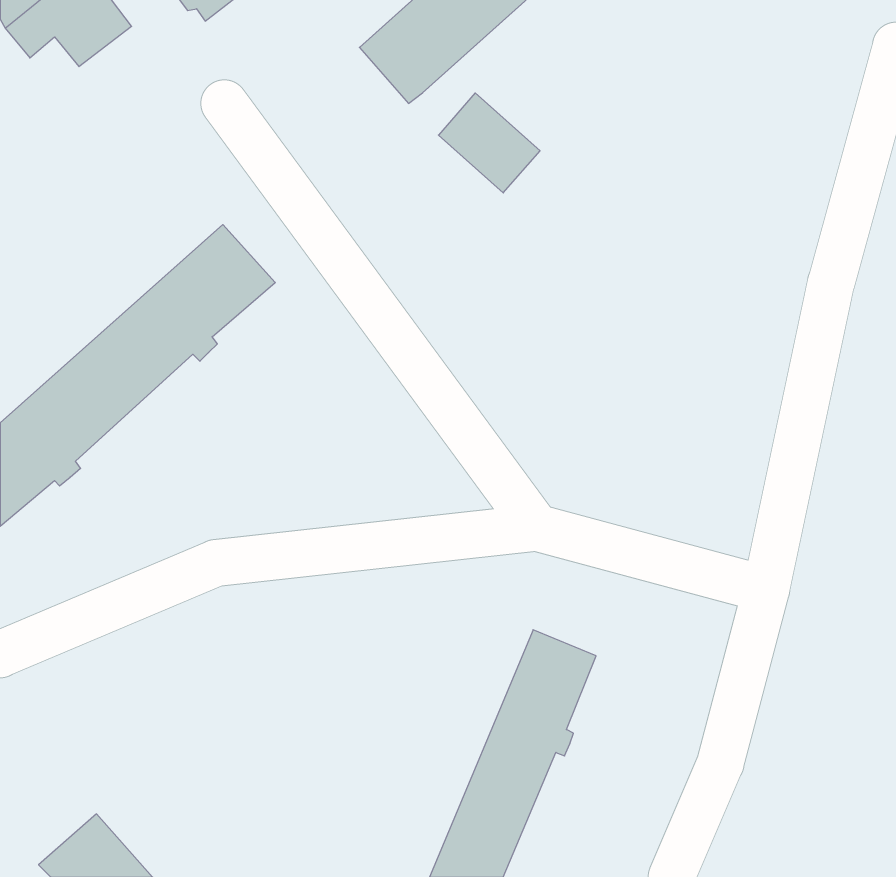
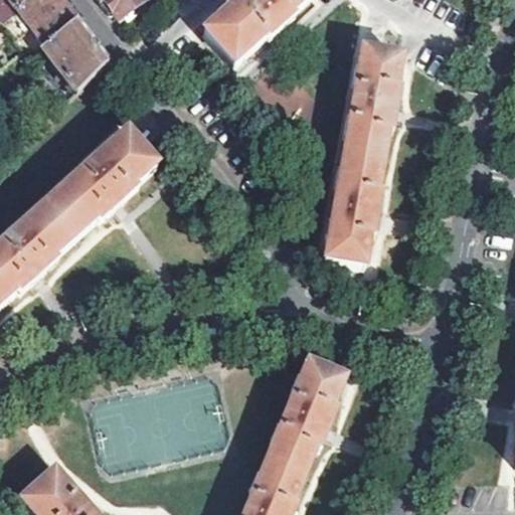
building: none -> [42,15,108,84]
building: none -> [326,46,402,263]

